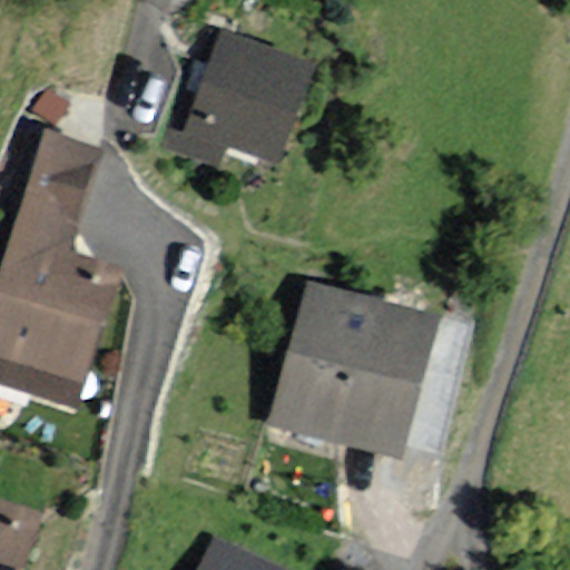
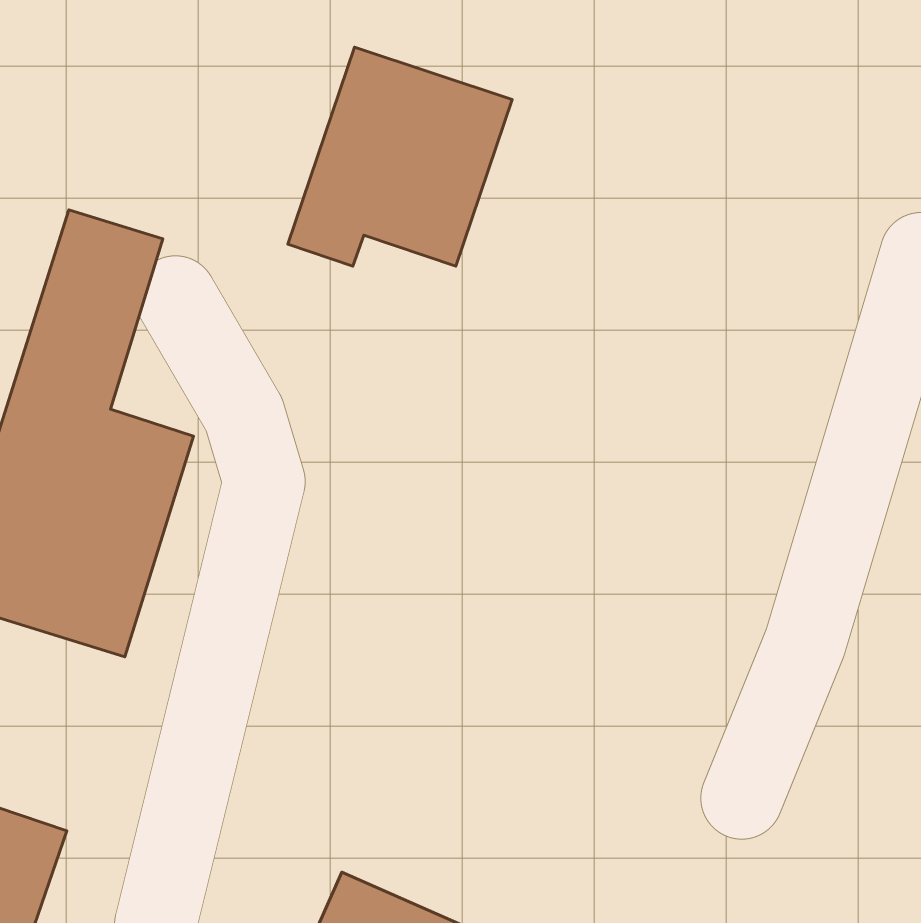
building: [271,283,436,452] -> none

